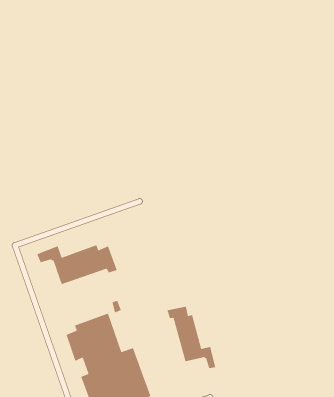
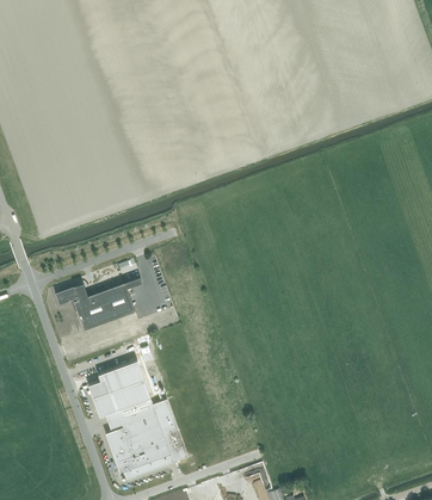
building: [167,306,216,369] -> none

